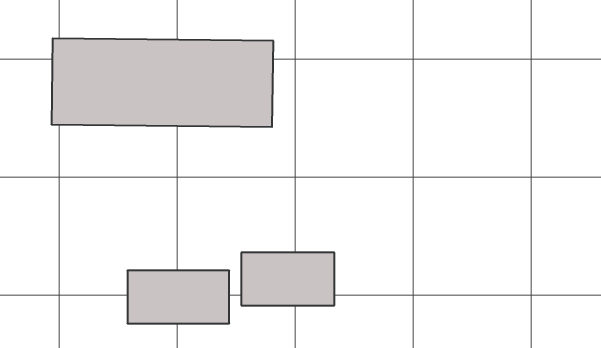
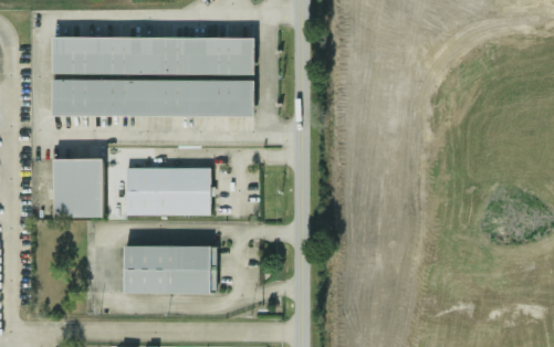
building: none -> [53,159,102,218]
building: [241,253,334,305] -> [125,168,209,215]

